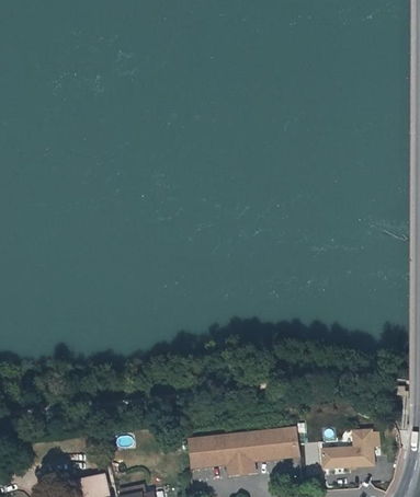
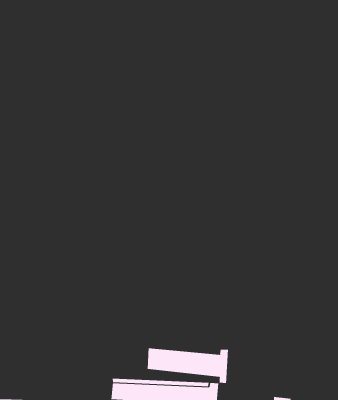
building: none -> [147,348,229,384]

